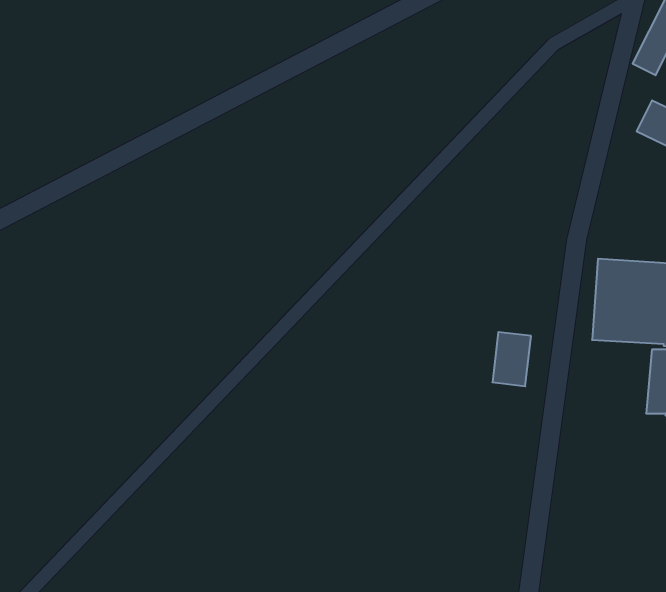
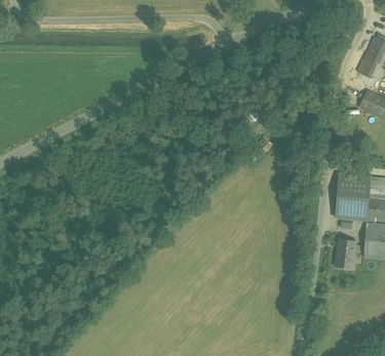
building: [492,332,531,386] -> [335,239,355,268]

